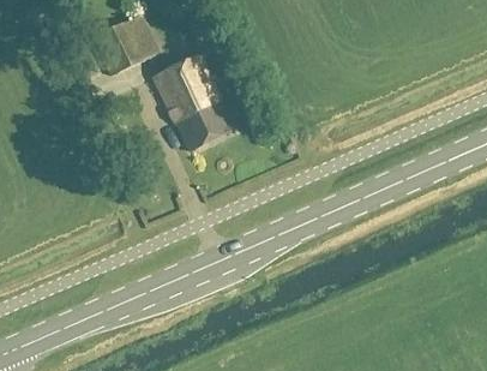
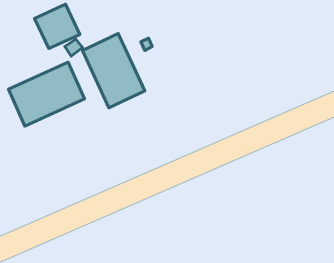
building: none -> [9,62,84,126]

